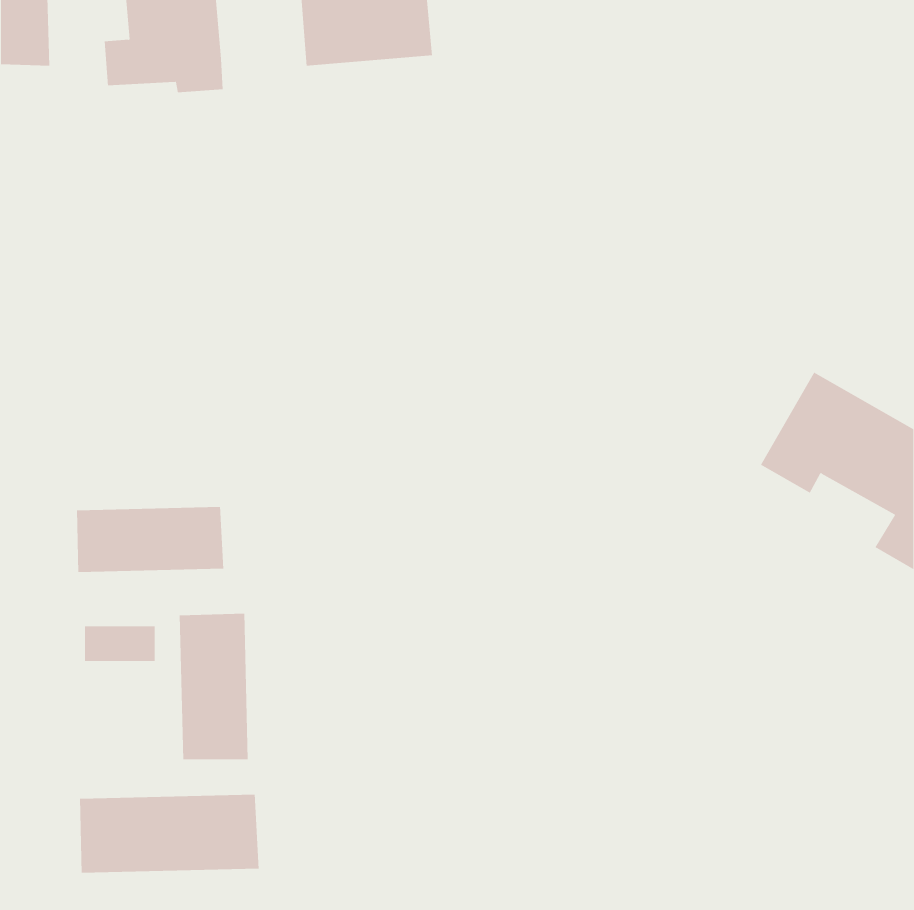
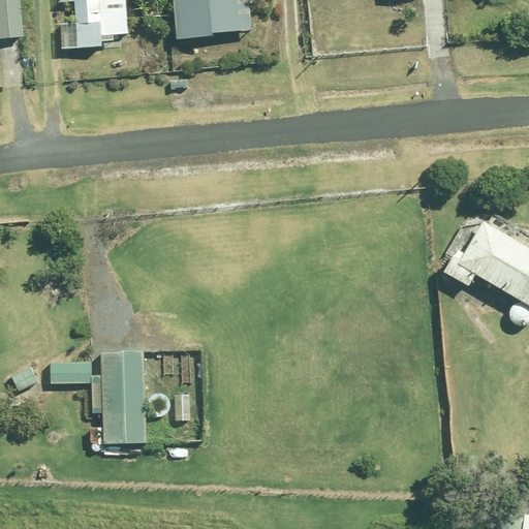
building: [76,506,224,573] -> none
building: [80,794,259,874] -> none

